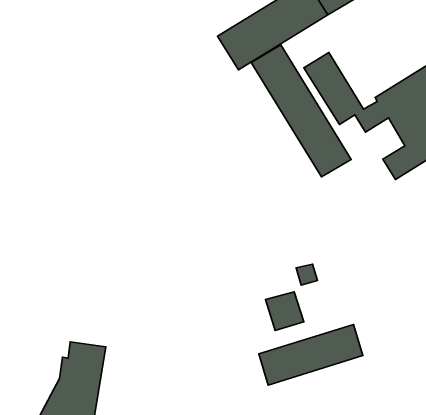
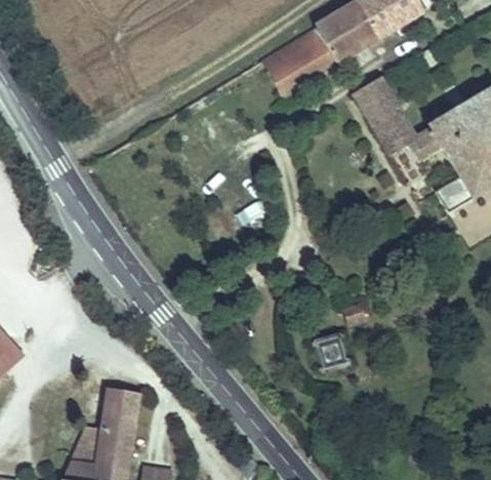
building: [251,45,351,177] -> none
building: [259,324,363,385] -> none

